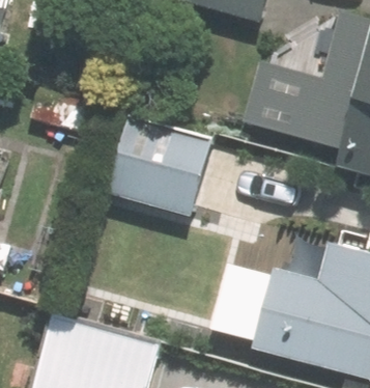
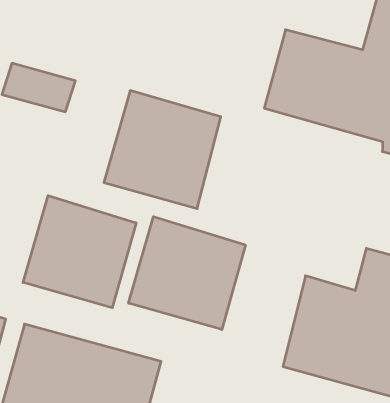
building: none -> [23,196,136,308]
building: none -> [129,217,245,330]

